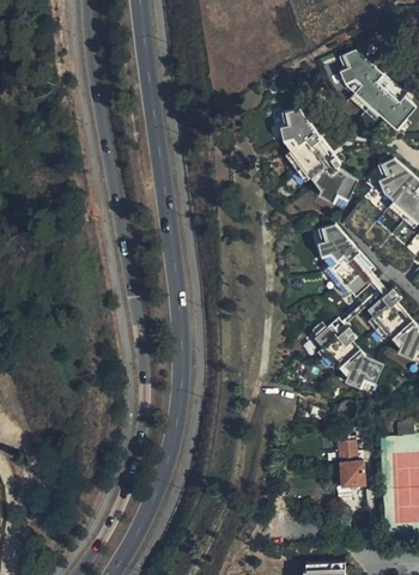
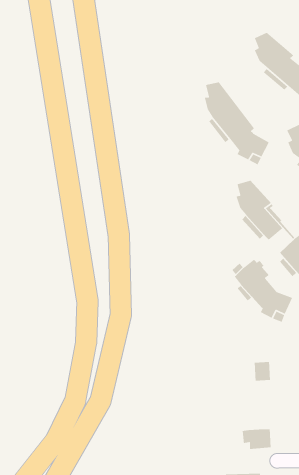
building: [333,462,368,488] -> [242,428,271,450]

